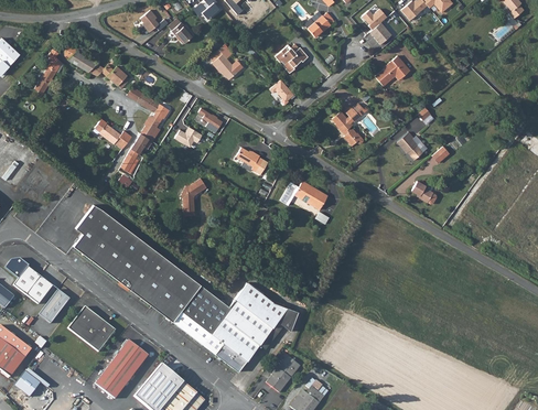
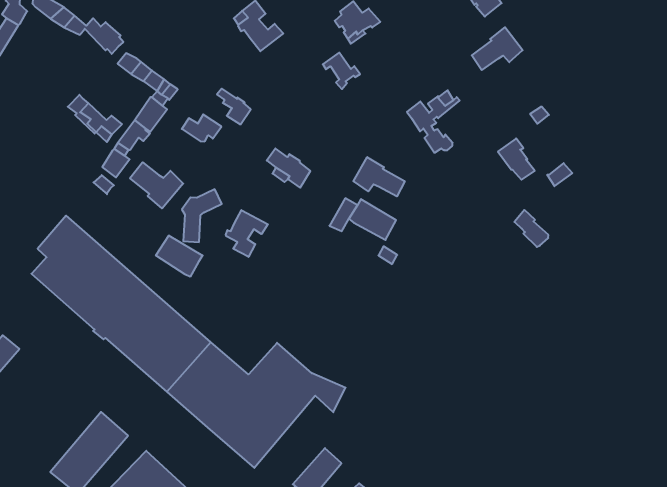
building: none -> [353,157,405,196]
building: none -> [130,162,183,208]
building: none -> [226,210,268,257]
building: none -> [156,235,203,277]
building: [68,305,116,349] -> none

